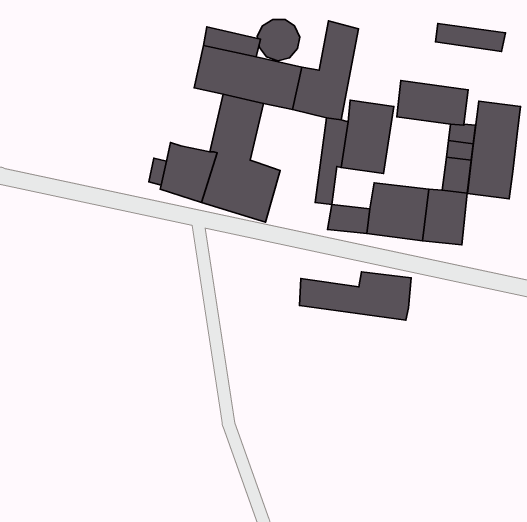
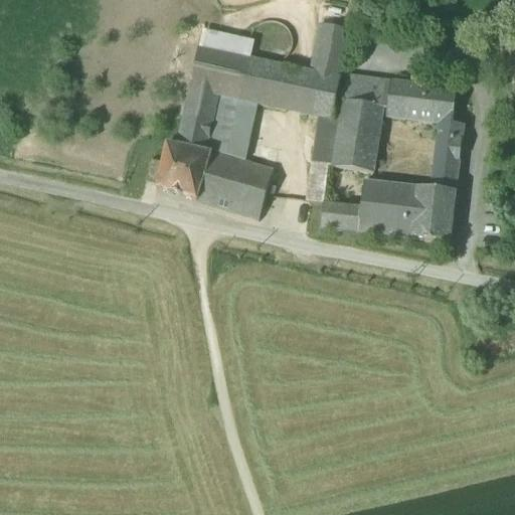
building: [435,24,506,52] -> none
building: none -> [342,72,391,105]
building: none -> [177,85,218,148]
building: [467,101,521,199] -> none
building: [300,272,411,320] -> none

